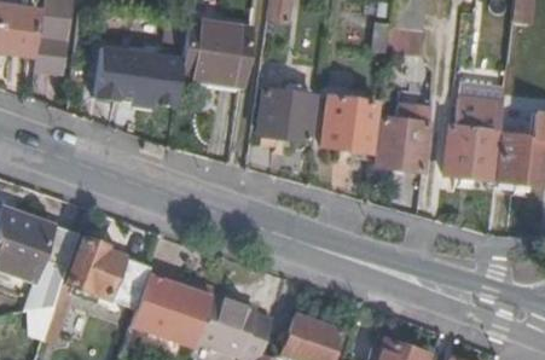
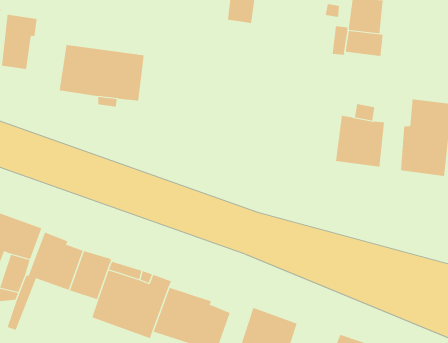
building: [181,22,249,86] -> none
building: [257,83,315,144] -> none
building: [321,91,378,153] -> none

